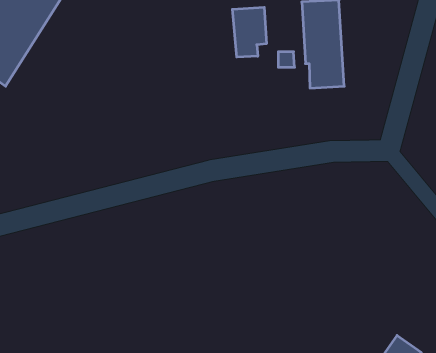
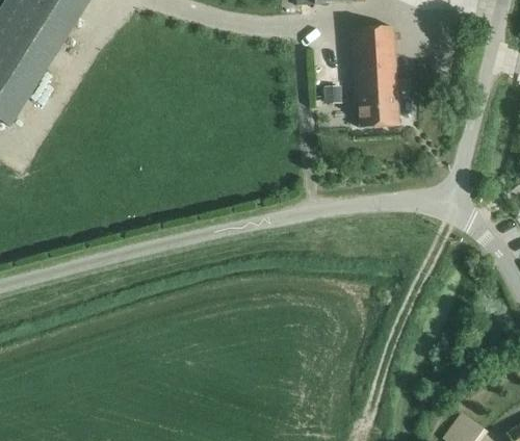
building: [232,7,266,57] -> none

